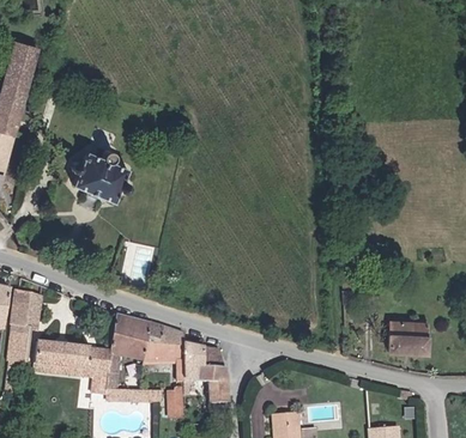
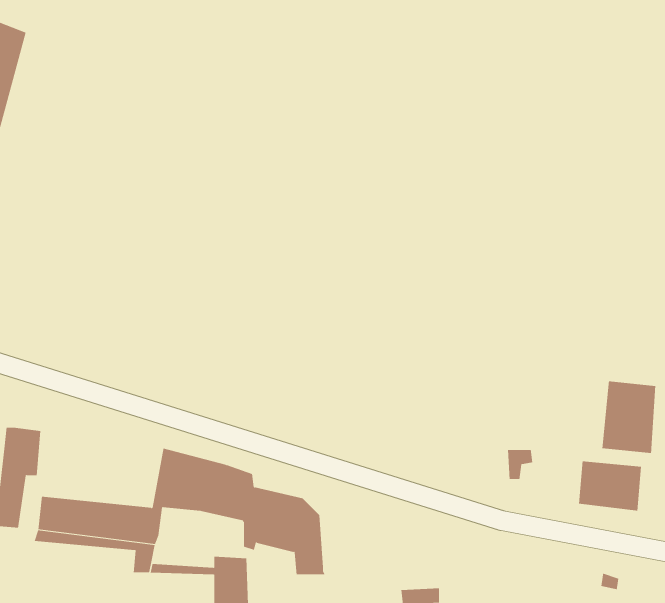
building: [79,148,141,203] -> none
building: none -> [602,381,656,454]

